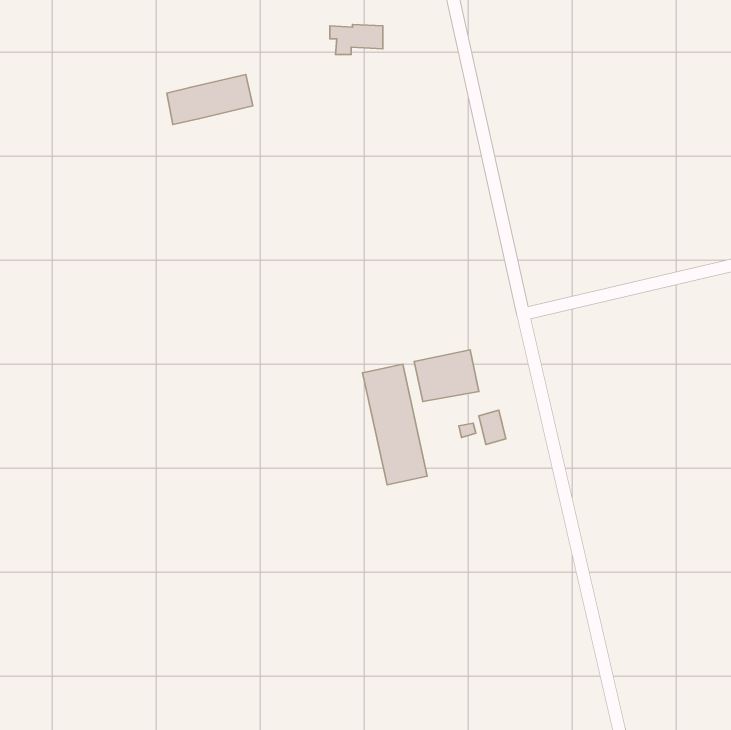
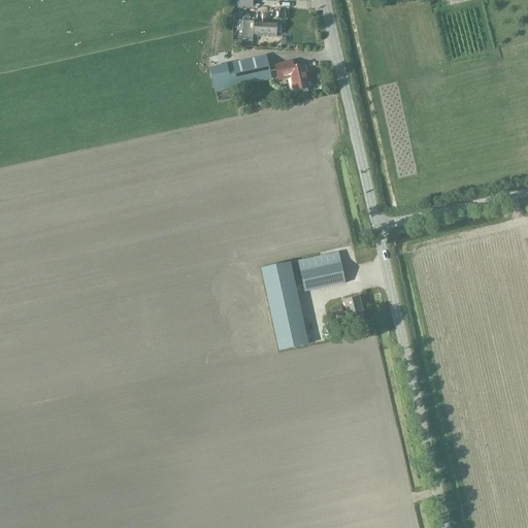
building: [167,74,253,125] -> [210,54,272,90]
building: none -> [276,61,309,91]

